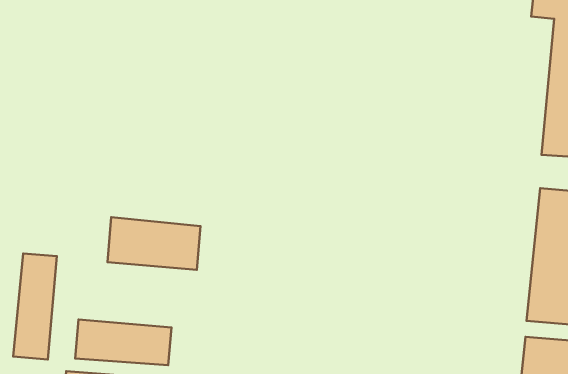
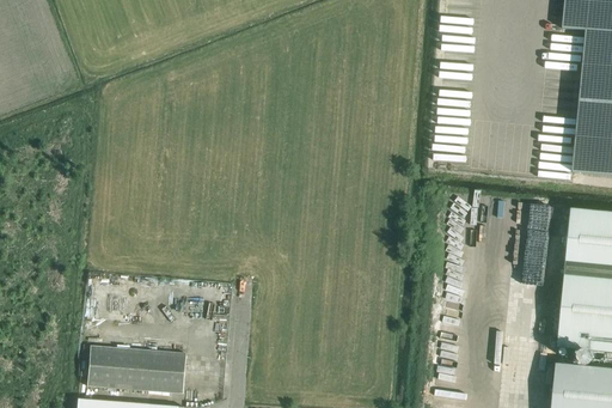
building: [107,217,201,270] -> none
building: [13,253,57,359] -> none

